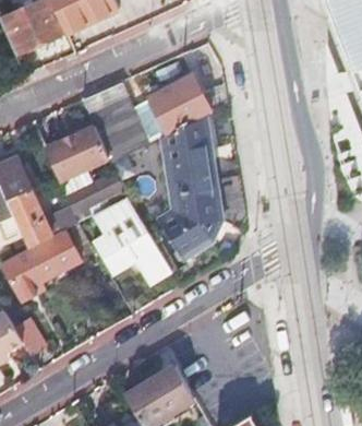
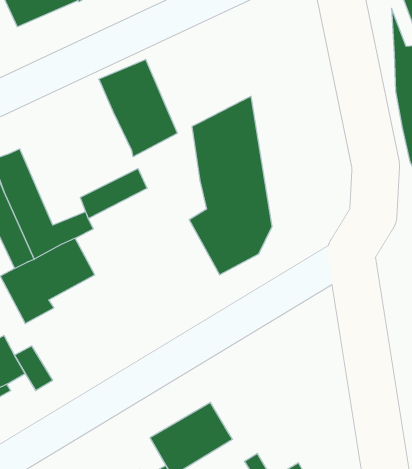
building: [148,79,203,134] -> none
building: [46,126,110,180] -> none
building: [93,198,170,280] -> none

